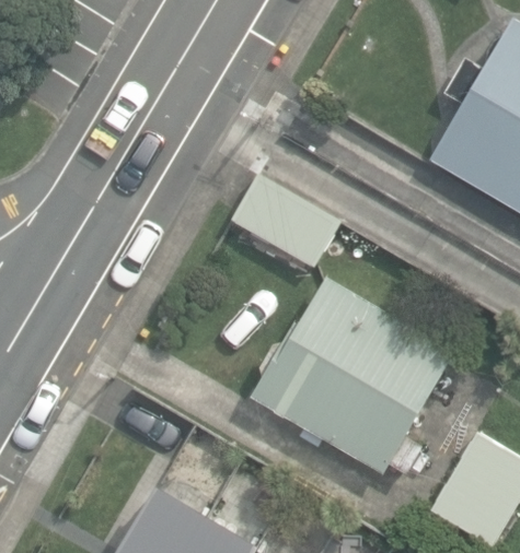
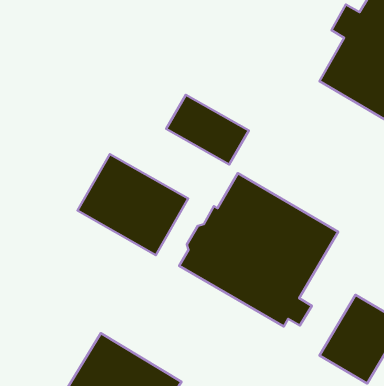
building: none -> [78,154,188,255]

